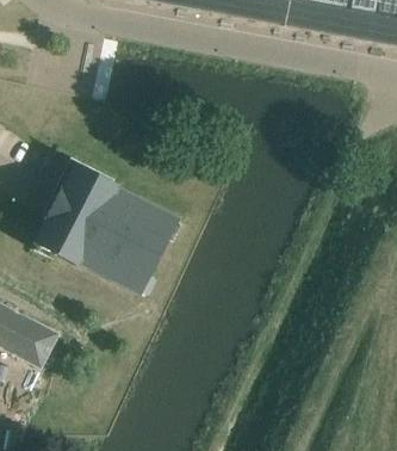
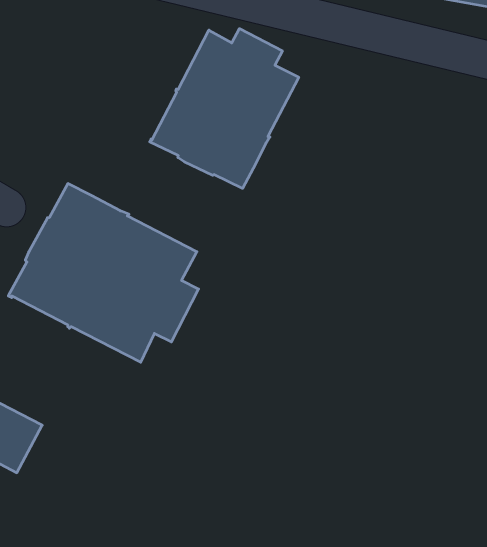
building: none -> [150,29,299,188]

